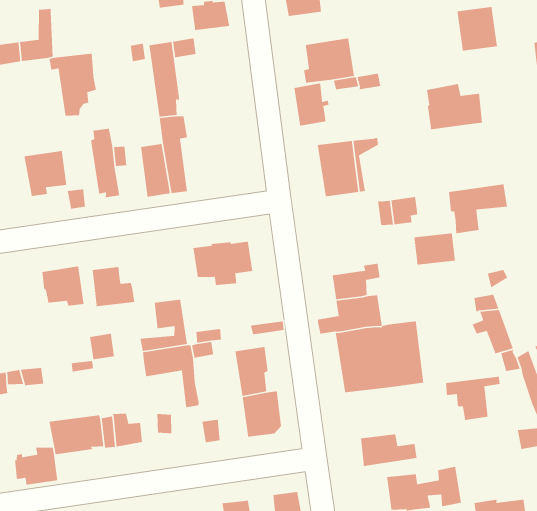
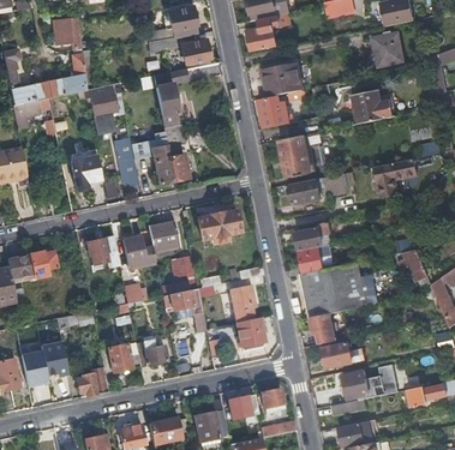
building: [414,232,456,265] -> [288,180,319,205]
building: none -> [149,222,180,251]
building: [445,376,501,421] -> [304,311,343,344]

